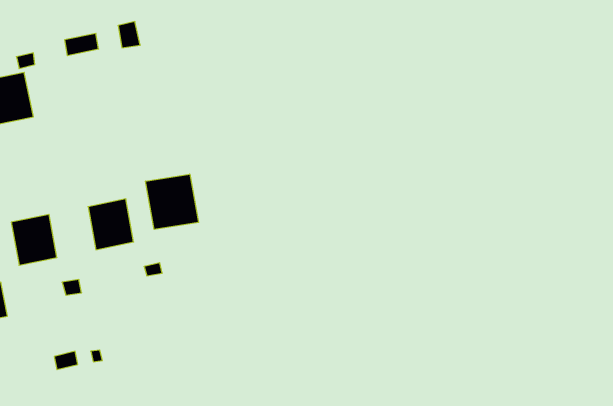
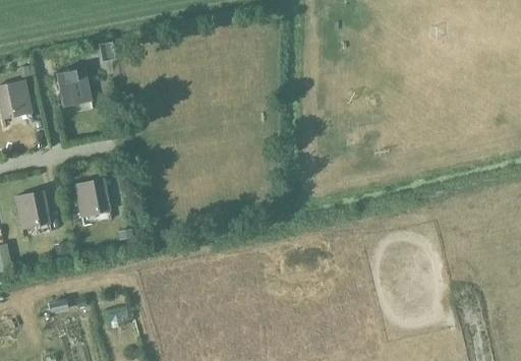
building: none -> [55,68,92,108]
building: [146,174,199,229] -> none

